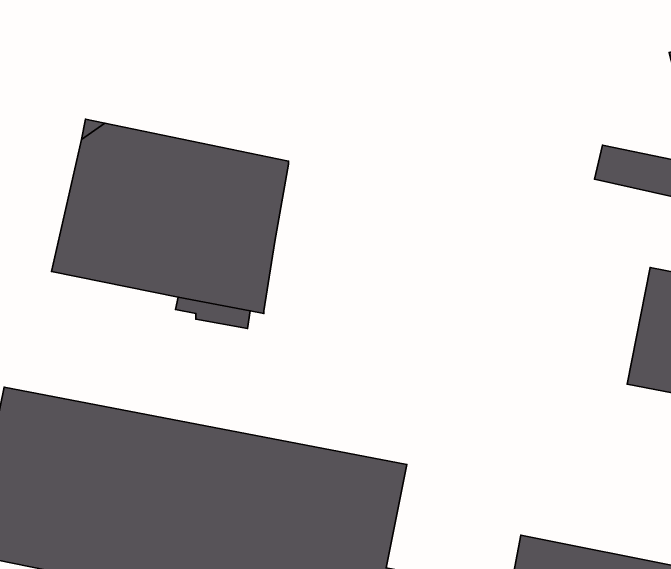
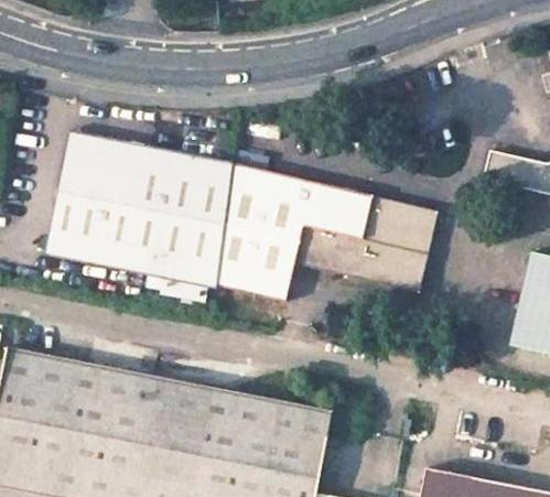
building: none -> [217,166,441,300]

